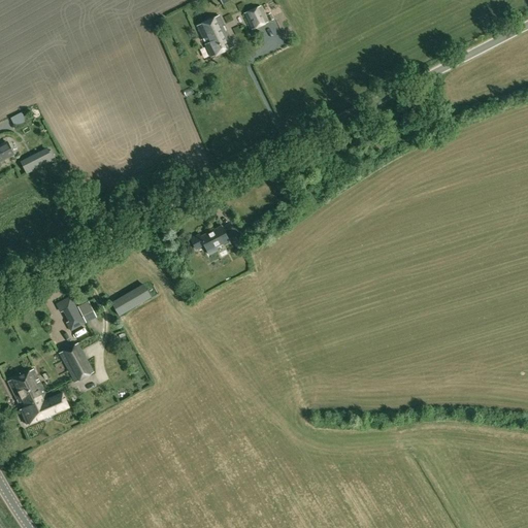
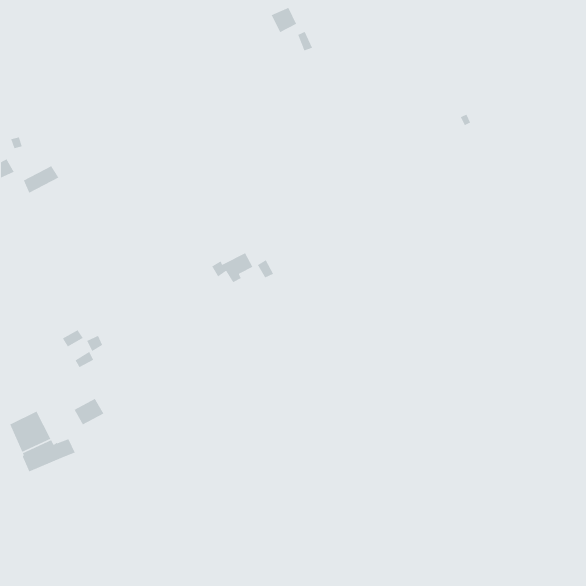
building: [197,15,233,57] -> none
building: [110,283,152,316] -> none
building: [58,342,86,368] -> none

